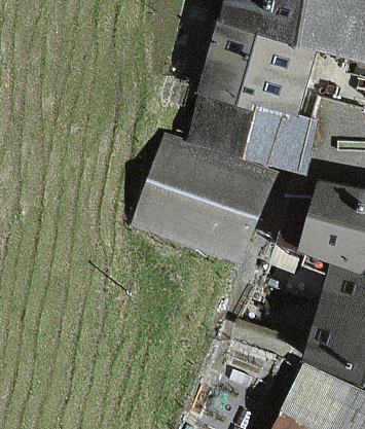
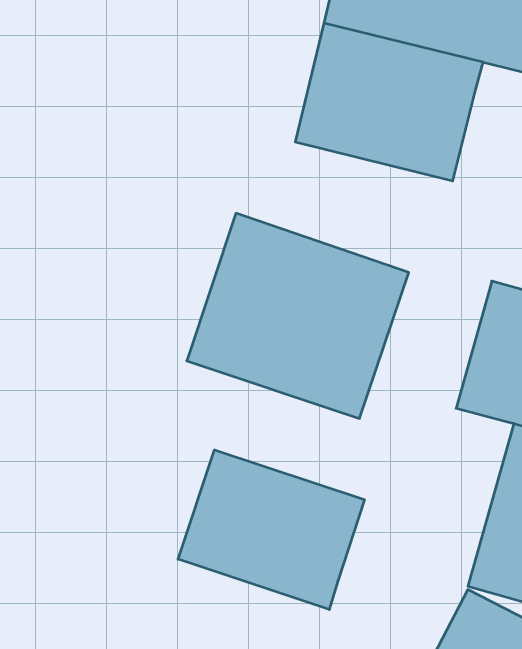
building: [191,92,318,168] -> none
building: none -> [178,450,364,610]

